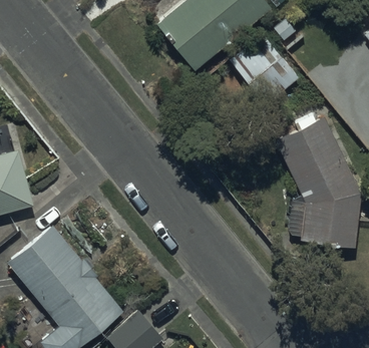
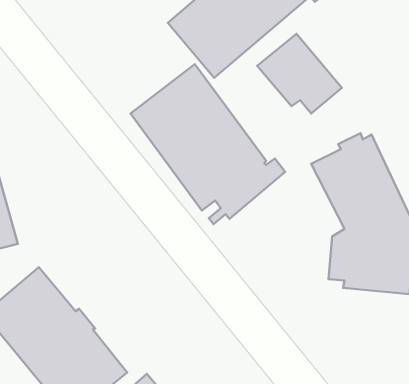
building: none -> [130,64,285,224]

